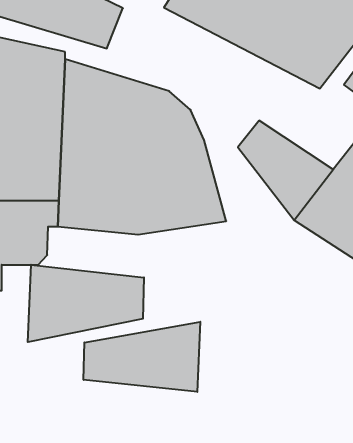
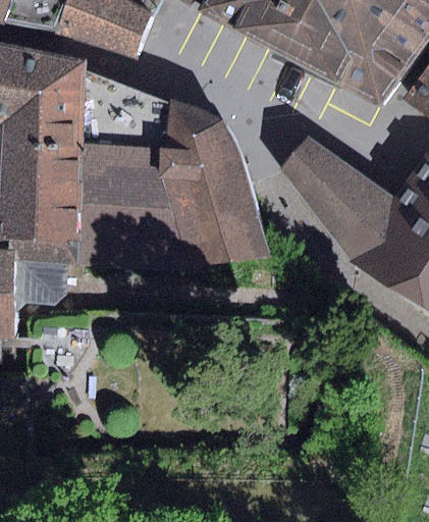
building: [28,265,144,342] -> none
building: [84,322,200,392] -> none

